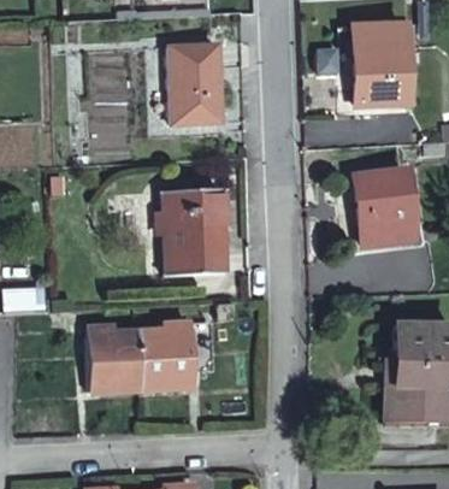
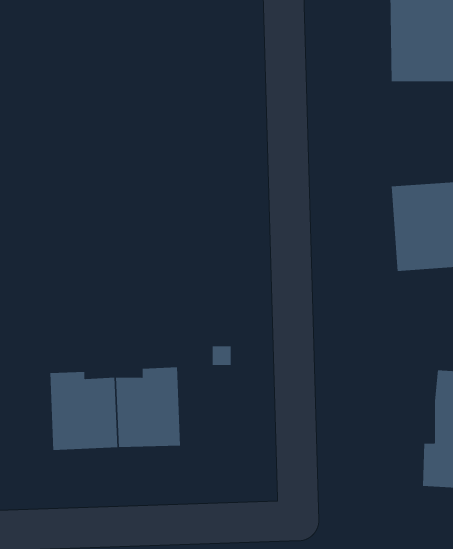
building: [166,34,220,113] -> none
building: [153,182,212,270] -> none

